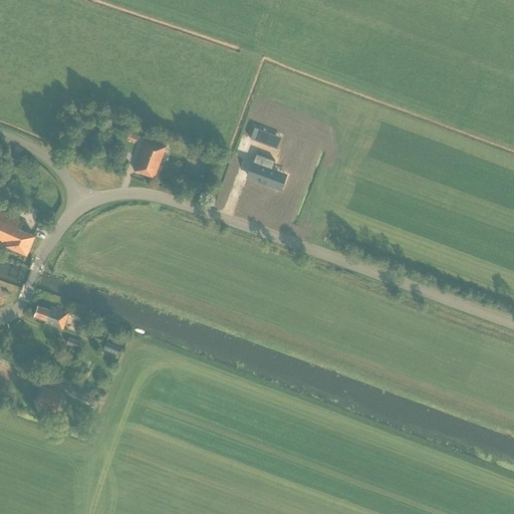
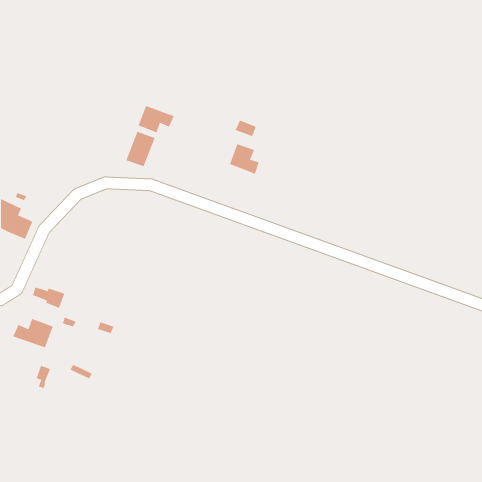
building: none -> [138,105,174,133]
building: none -> [13,318,53,348]

